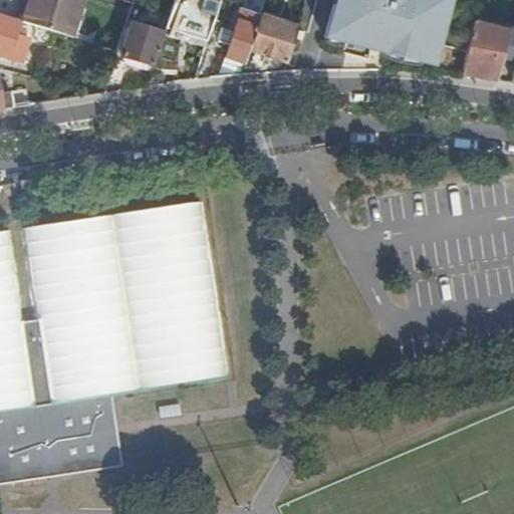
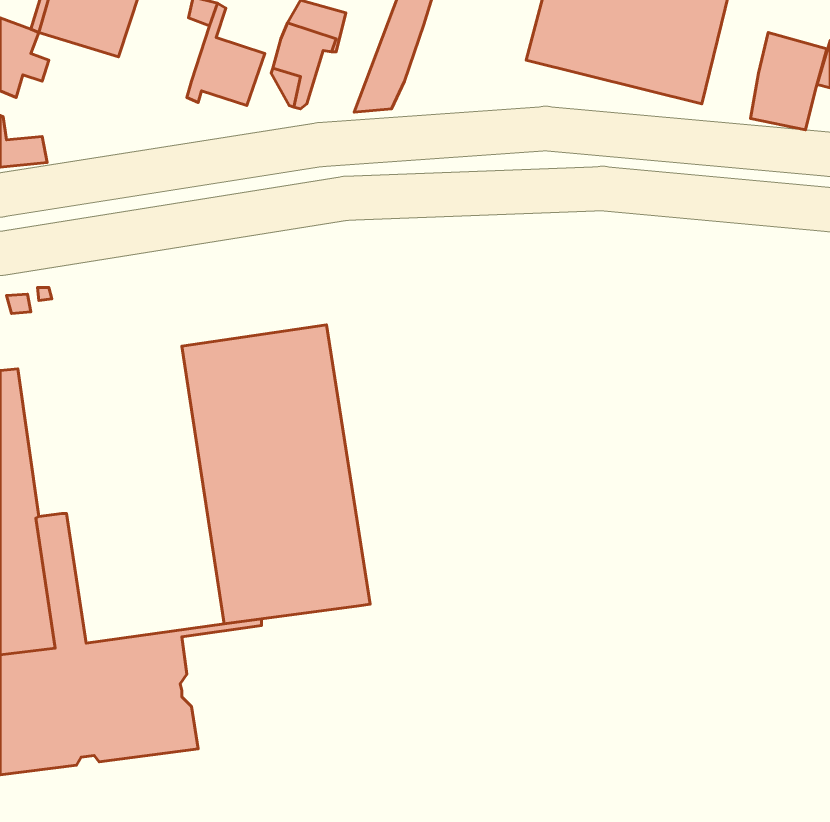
building: [250,15,299,62] -> none
building: [26,214,139,398] -> none

